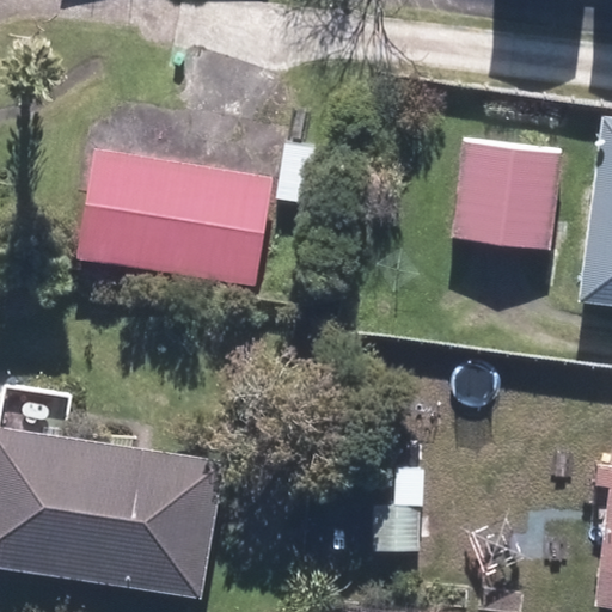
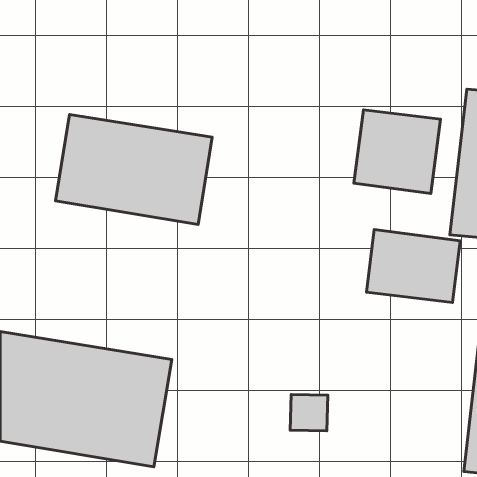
building: none -> [366,230,460,302]

